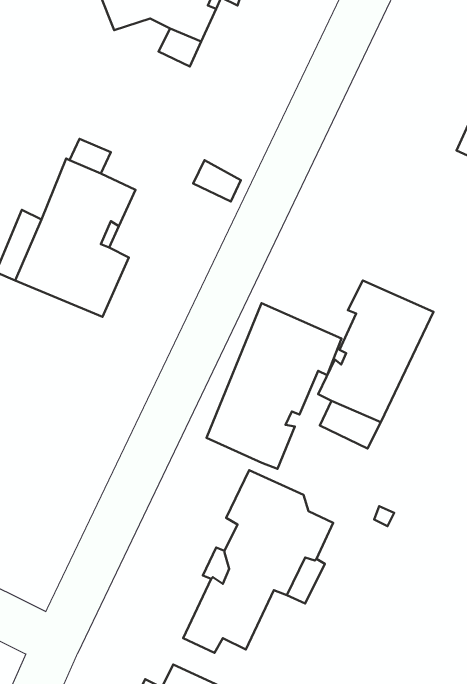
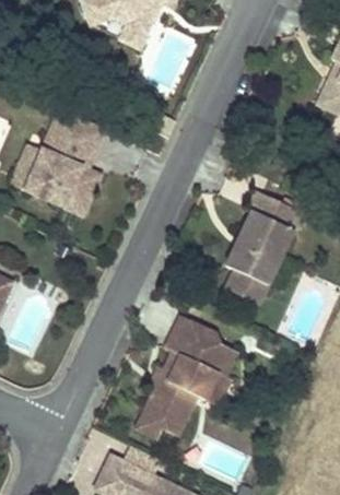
building: [206,303,342,469] -> none

